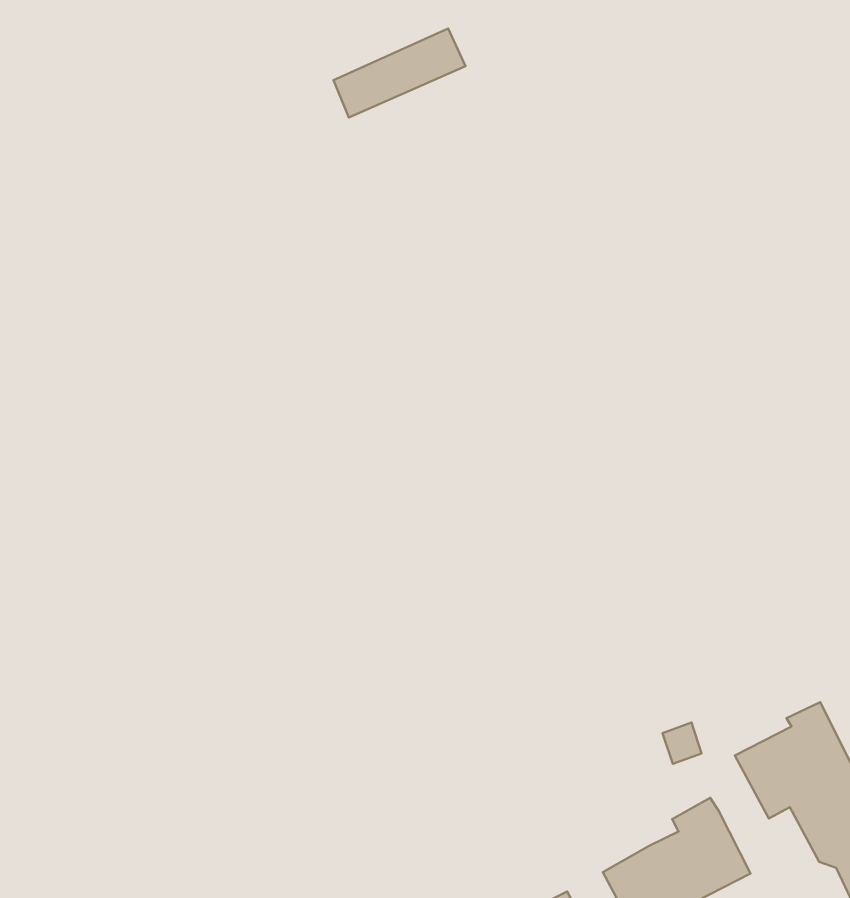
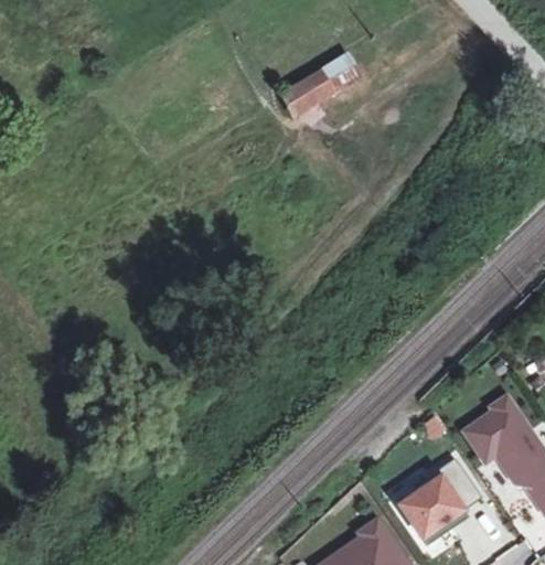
building: [334,29,465,118] -> [281,57,354,114]

